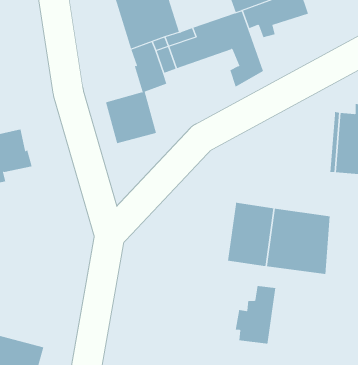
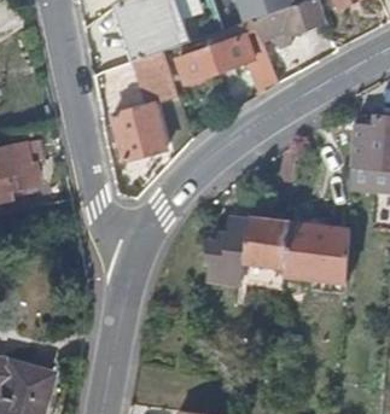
building: [235,285,276,344] -> [206,220,250,281]

